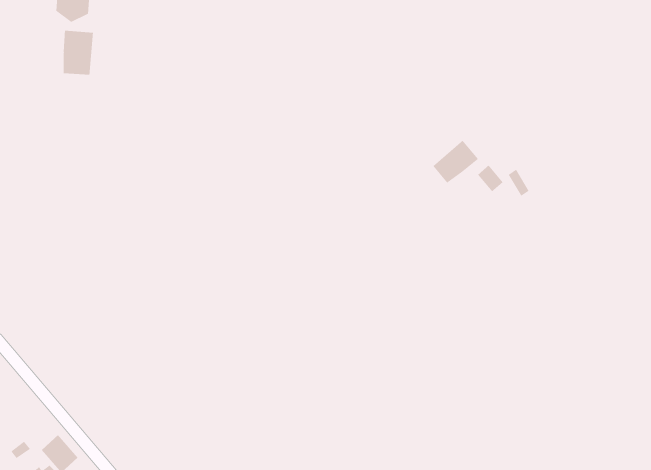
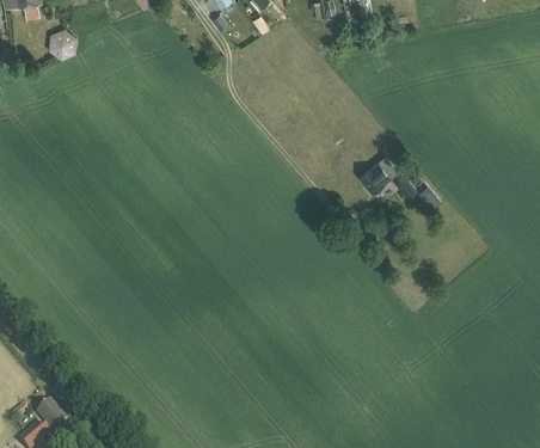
building: [63,30,93,76] -> none

